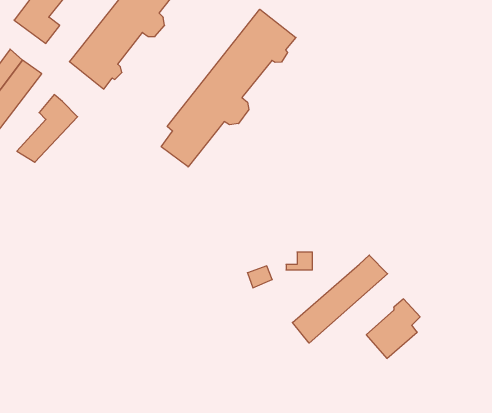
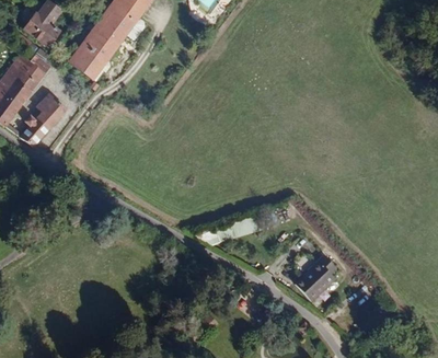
building: [161,9,296,167] -> none
building: [292,255,388,343] -> none

